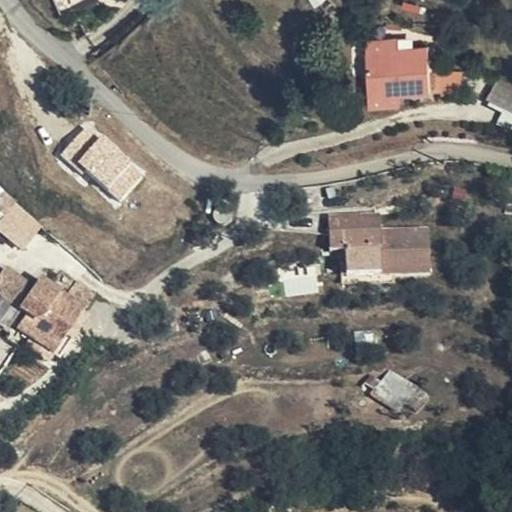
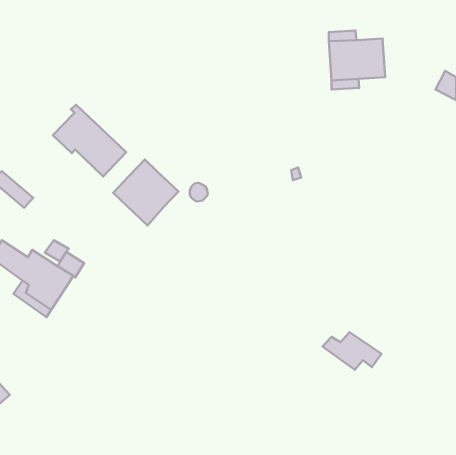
building: none -> [113,160,178,226]
building: [328,215,428,276] -> none

